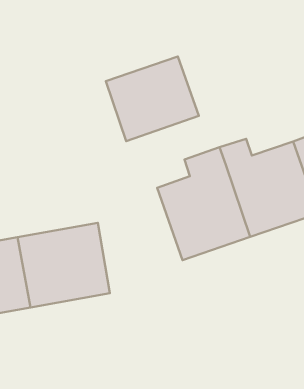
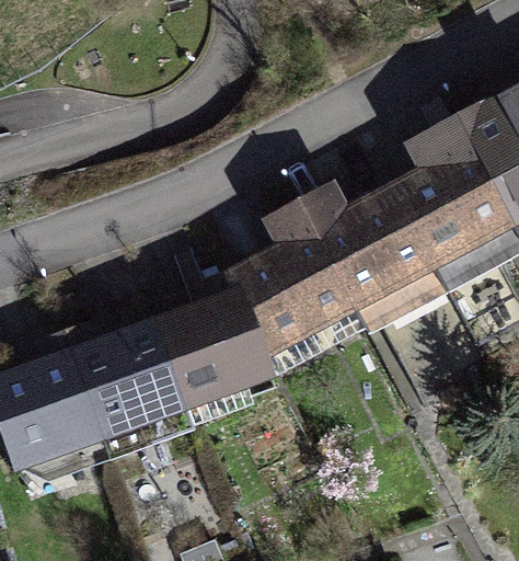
building: [106,56,199,141] -> none
building: none -> [178,290,287,402]

